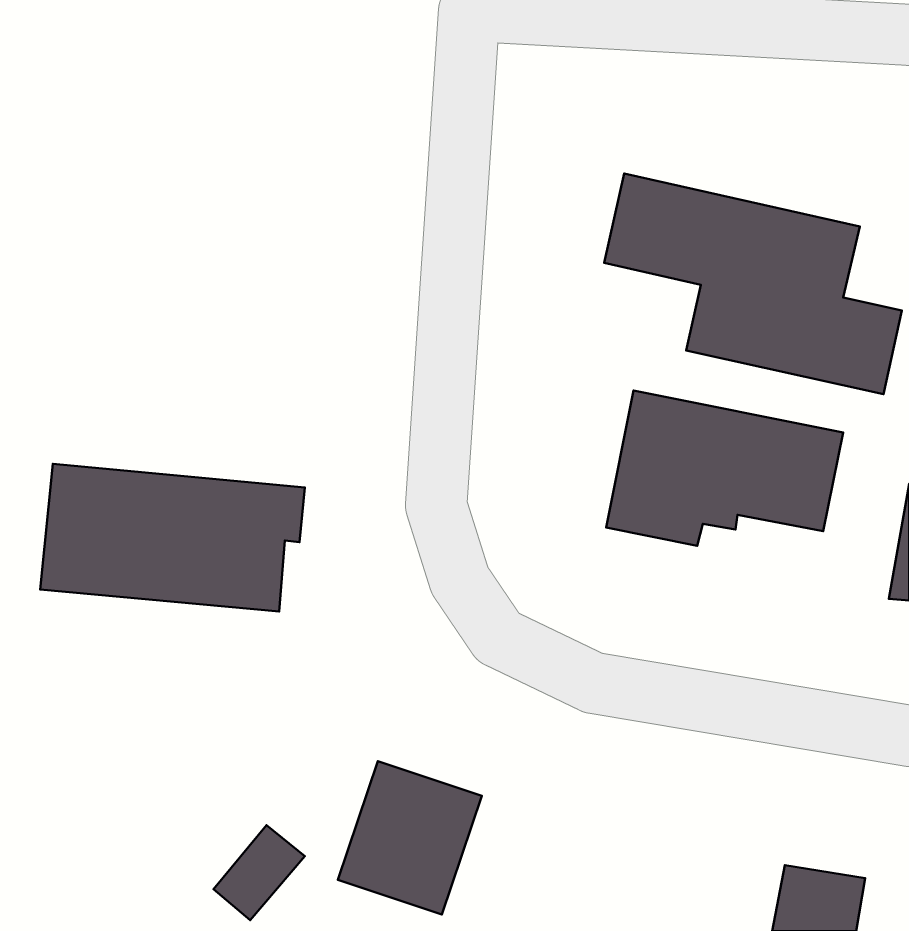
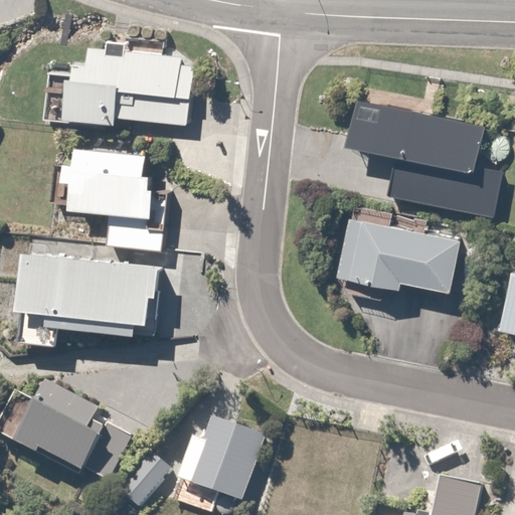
building: none -> [66,35,193,124]
building: none -> [50,143,165,228]
building: none -> [14,380,124,483]

